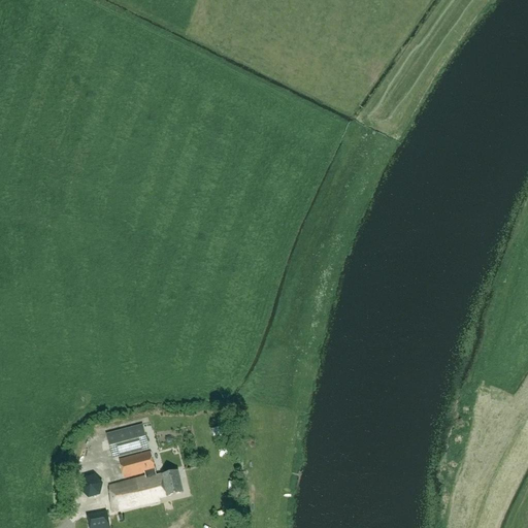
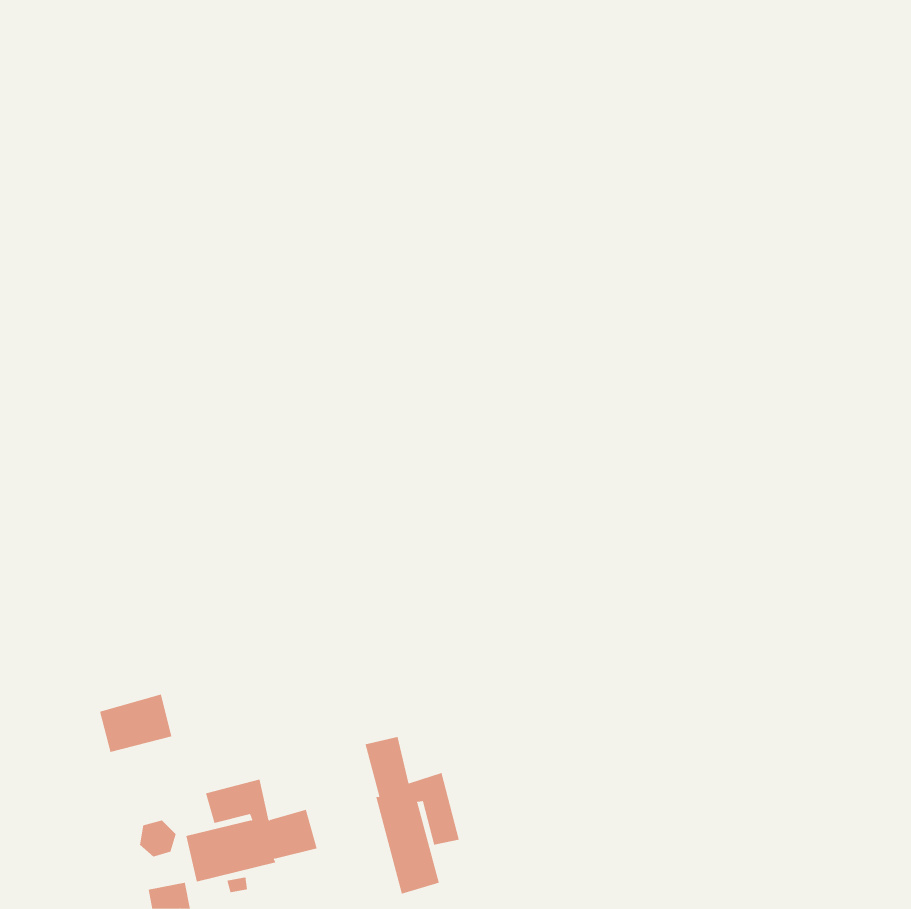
building: [106,423,148,457] -> [99,694,172,752]
building: none -> [365,736,460,894]

